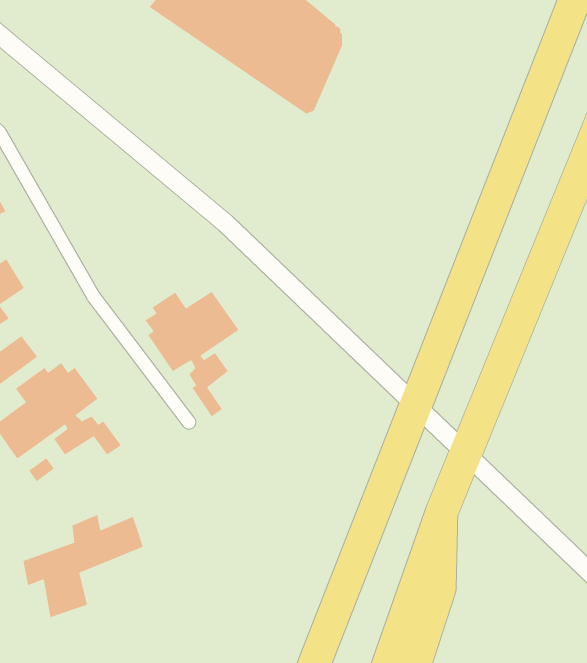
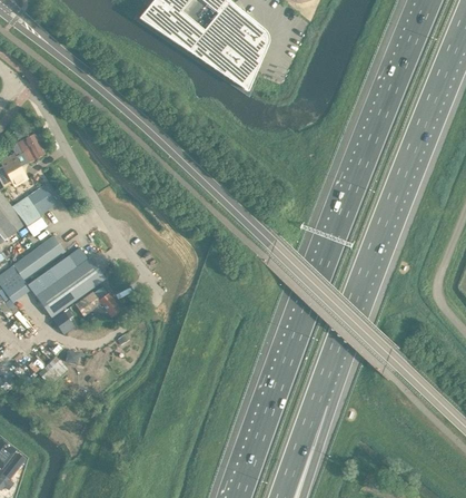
building: [145,291,239,418] -> none
building: [23,514,144,618] -> none

